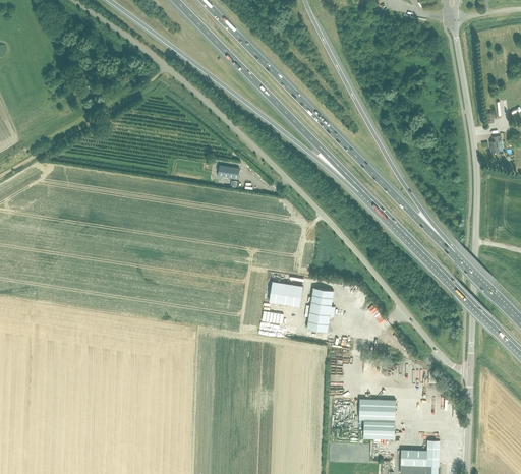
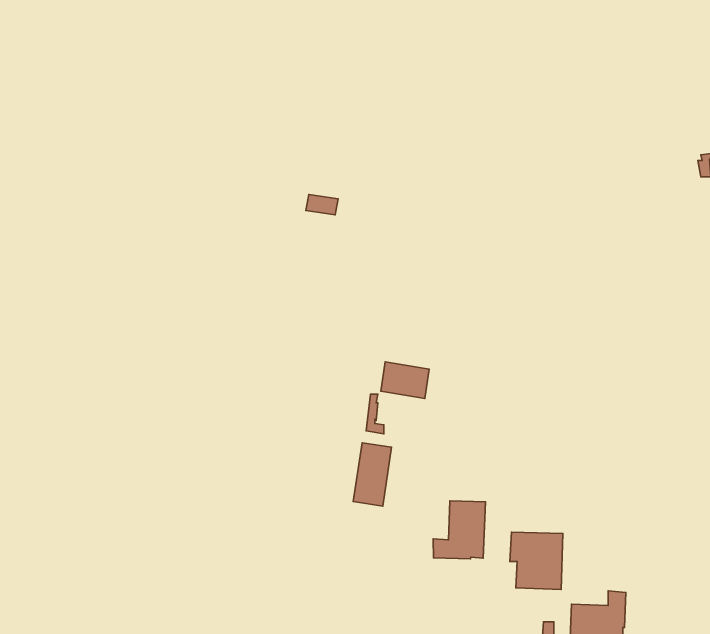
building: [306,288,333,332] -> [353,443,391,506]
building: none -> [433,501,485,559]

